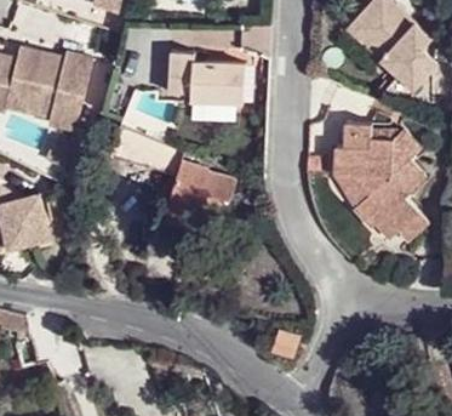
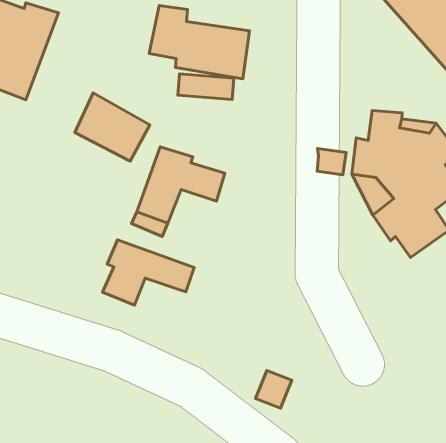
building: none -> [103,240,194,305]

